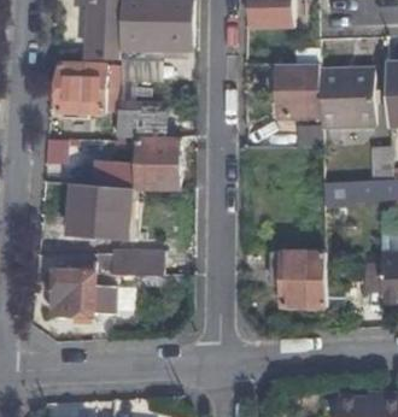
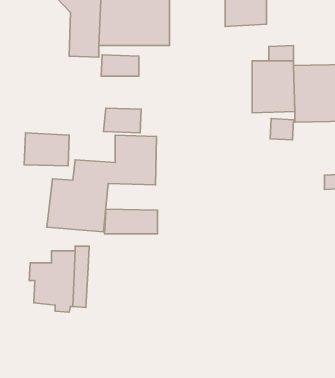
building: [57,64,109,116] -> none
building: [109,251,163,276] -> [105,209,158,234]
building: [267,253,326,309] -> none

